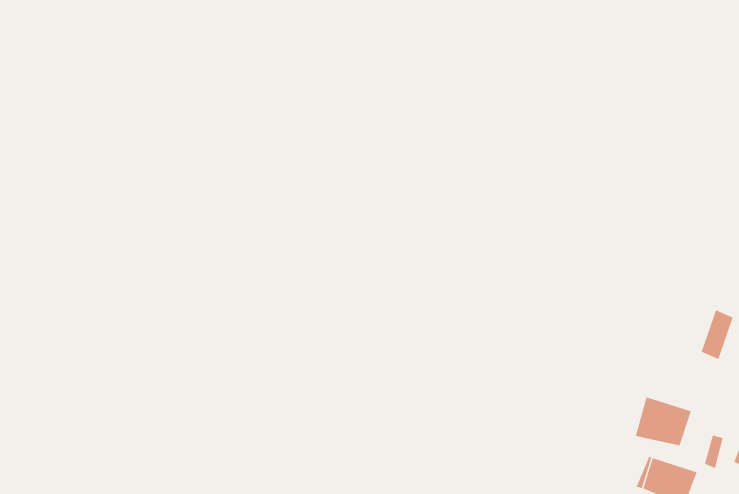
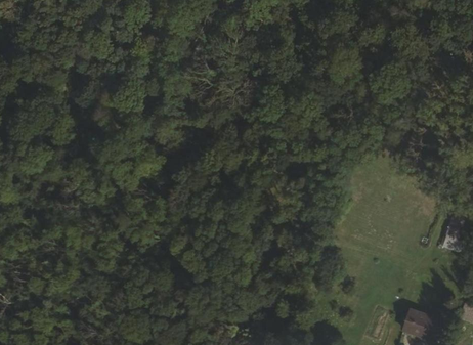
building: [635,396,691,446] -> none

